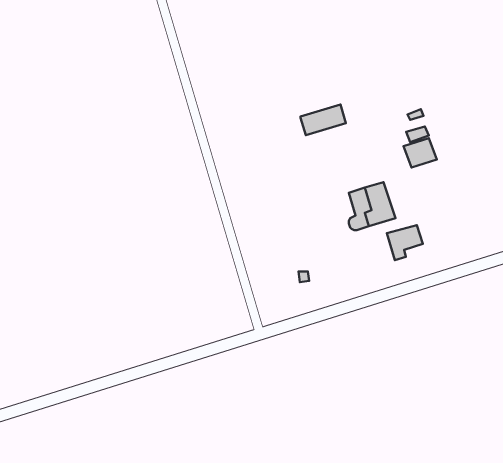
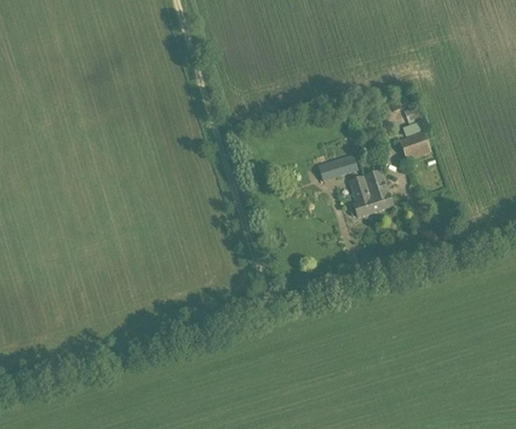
building: [301,104,346,135] -> [316,153,357,181]
building: [387,225,423,260] -> none

